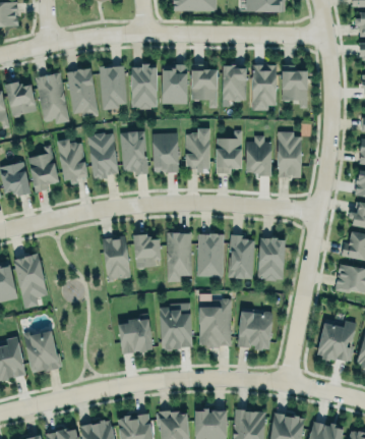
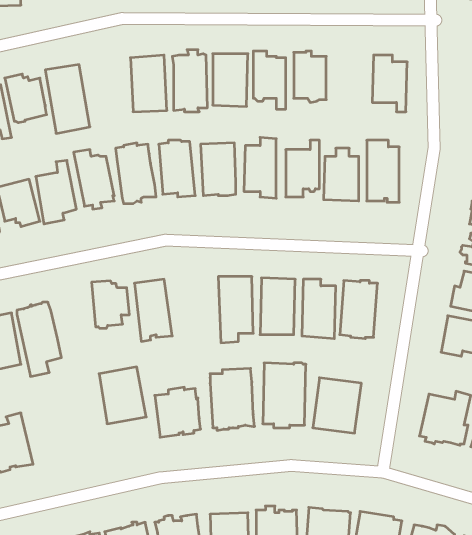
building: [251,63,278,110] -> none
building: [66,67,98,116] -> none
building: [133,233,162,269] -> [92,281,129,328]
building: [24,331,60,374] -> [99,367,146,424]

